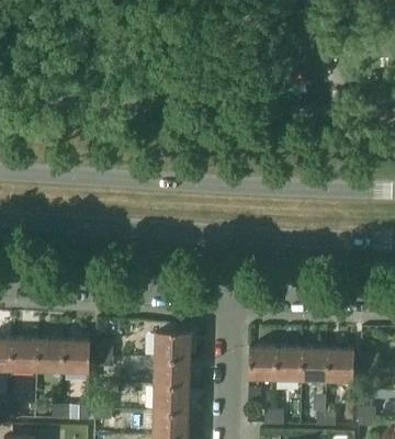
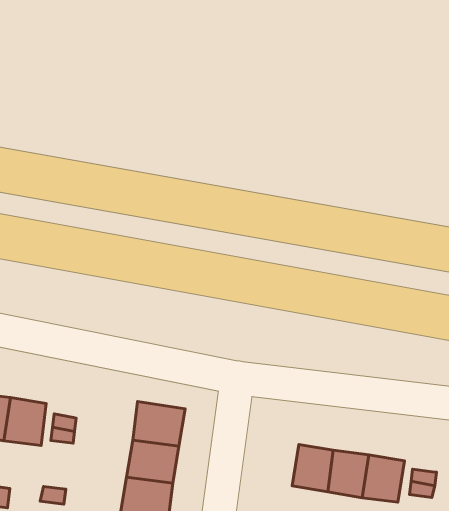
building: [249,347,276,379] -> none

